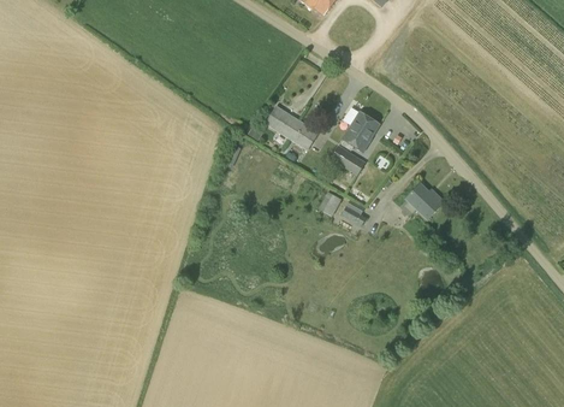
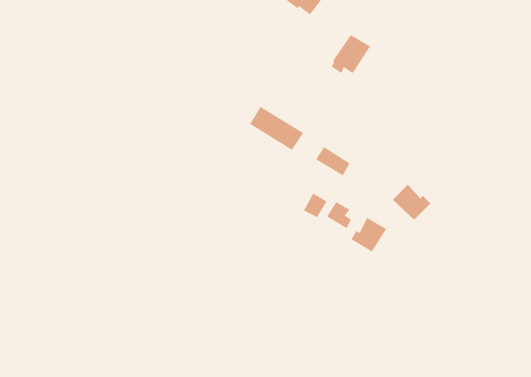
building: [340,111,380,151] -> [331,34,371,74]
building: none -> [350,217,387,253]

